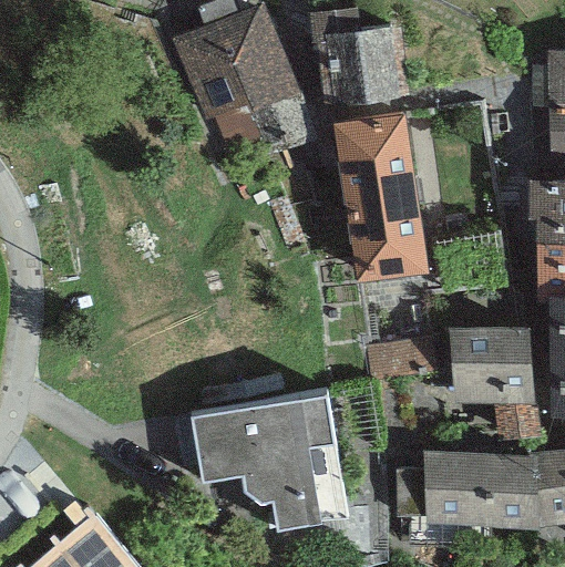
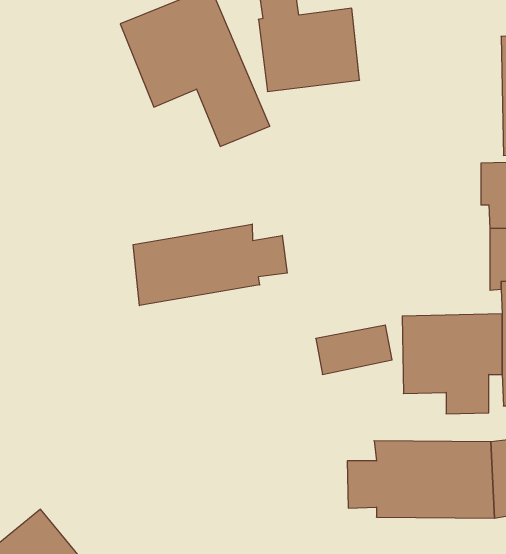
building: [333,111,430,280] -> none
building: none -> [133,224,287,306]
building: [193,393,348,532] -> none

